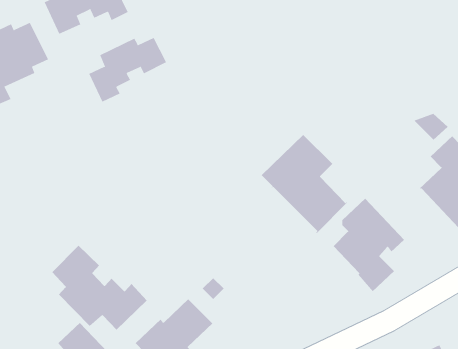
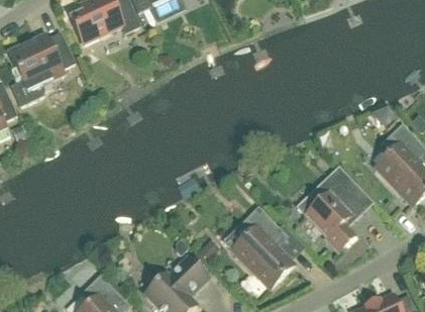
building: [88,37,167,102] -> none
building: [261,134,348,234] -> [223,207,294,288]
building: [51,245,148,331] -> none

